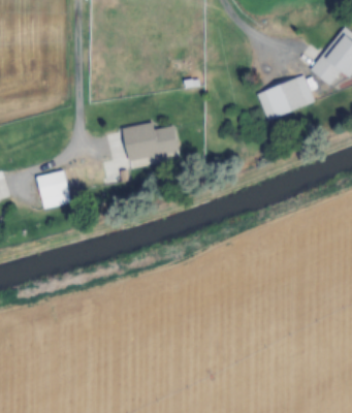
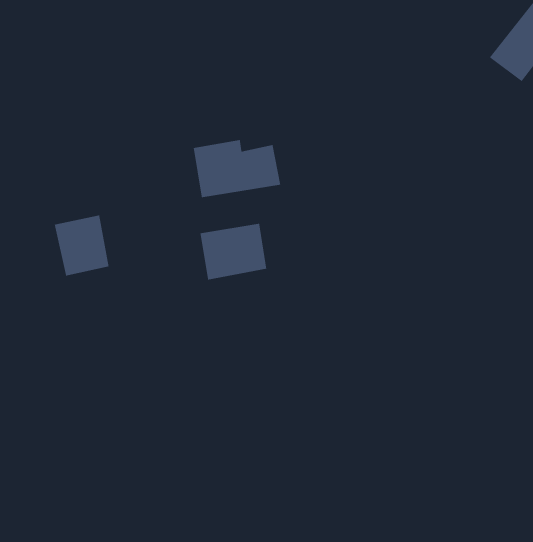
building: [257,76,315,121] -> none
building: none -> [199,223,267,281]

